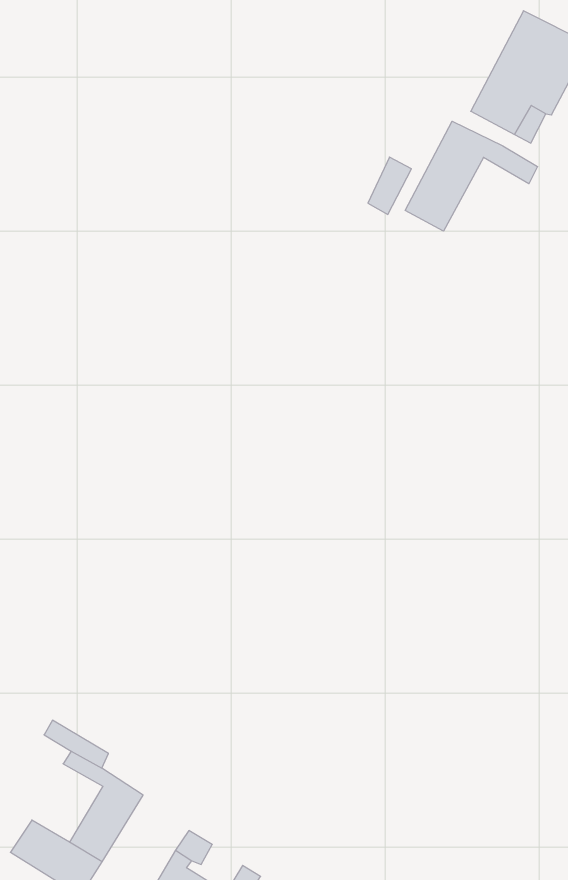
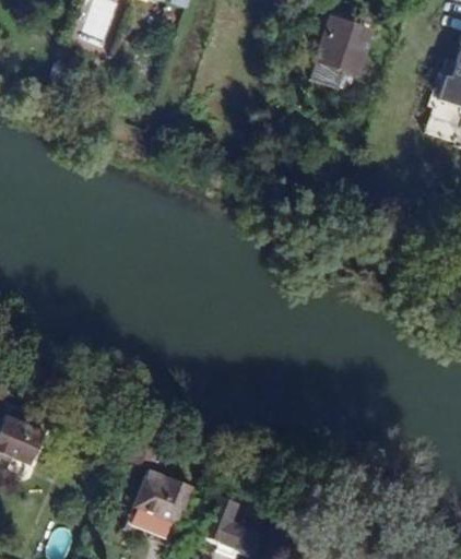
building: [405,121,538,231] -> none
building: none -> [134,474,170,516]

